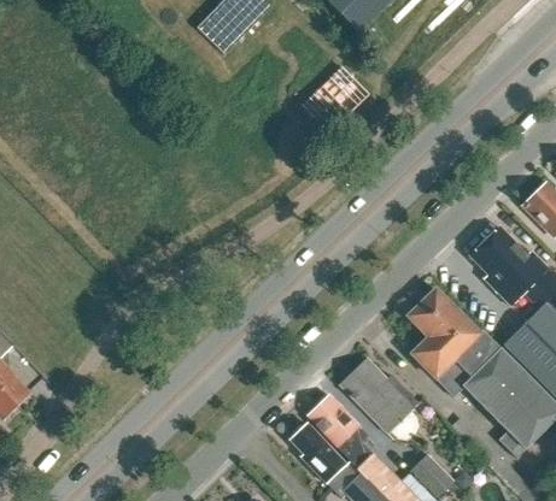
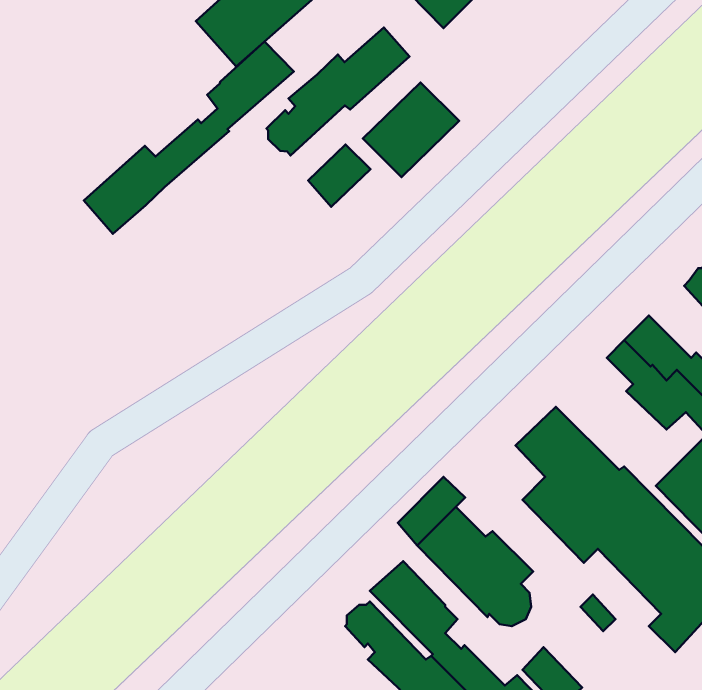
building: none -> [266,27,410,156]
building: none -> [84,42,294,234]
building: none -> [308,144,370,207]
building: none -> [398,477,465,545]

